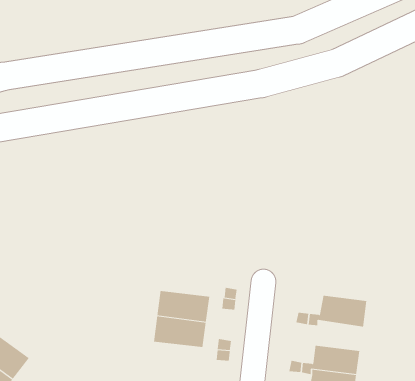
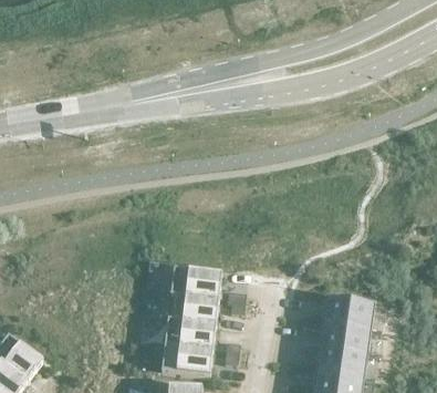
building: none -> [170,266,221,298]
building: none -> [321,321,368,351]
building: none -> [162,342,212,374]

